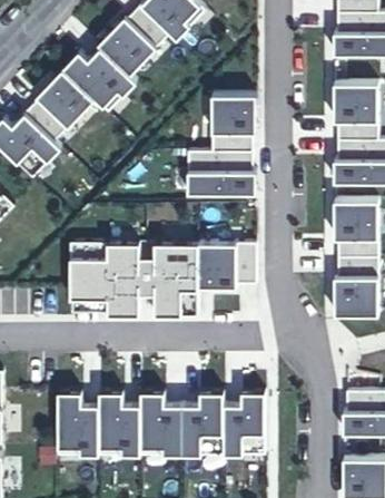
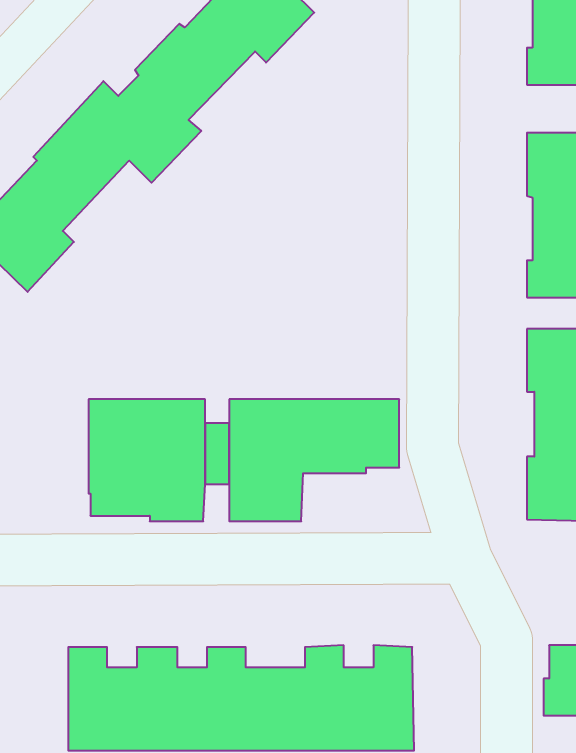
building: [187,96,256,196] -> none

